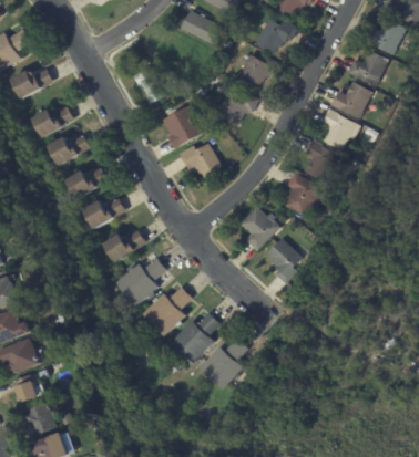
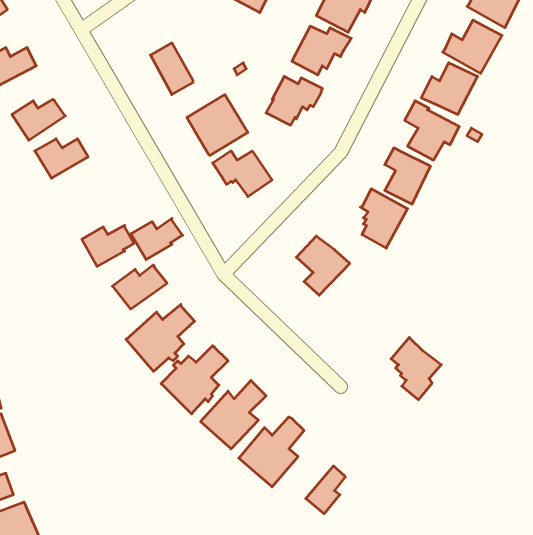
building: [68,168,105,198] -> [131,218,183,260]
building: [267,237,304,282] -> [391,337,441,400]
building: none -> [306,466,345,514]

